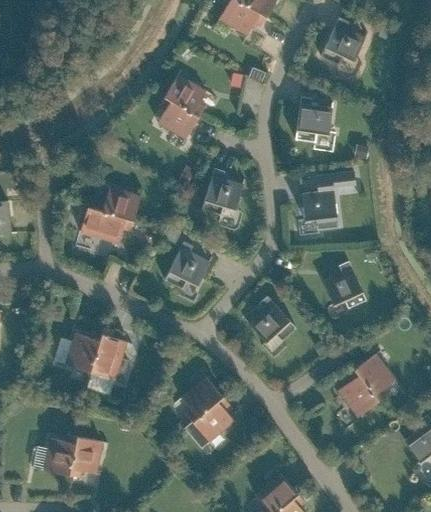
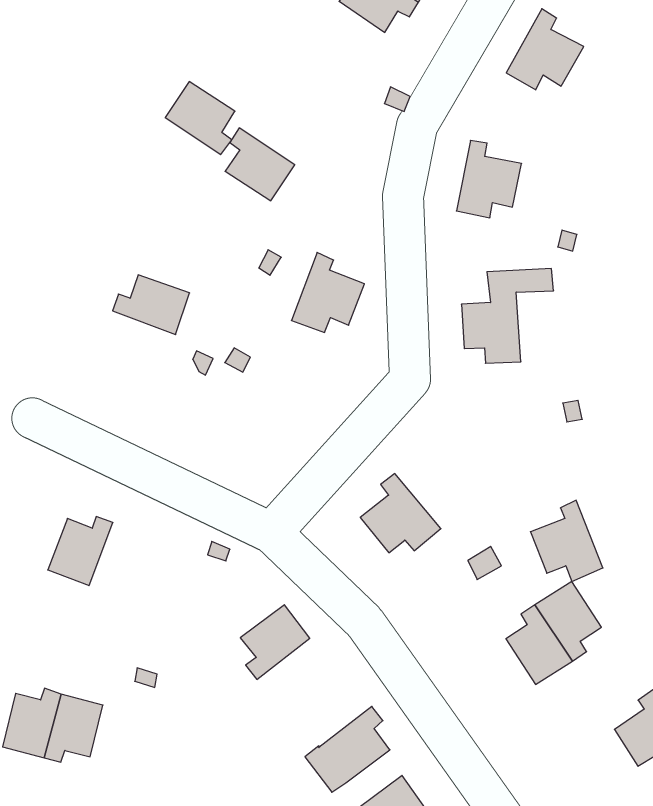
building: [164,75,205,117] -> [165,82,235,155]
building: [80,207,133,243] -> none
building: [164,241,209,289] -> none
building: [322,261,366,309] -> [530,500,603,581]
building: [90,327,129,380] -> none
building: [184,396,234,448] -> [305,706,390,792]

